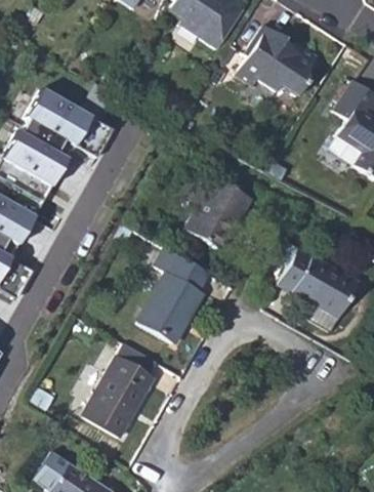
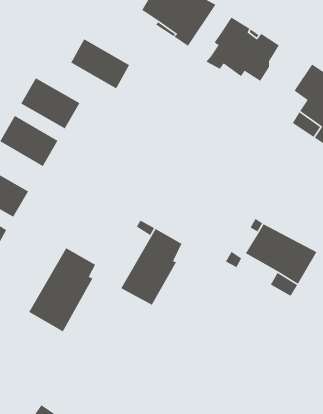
building: none -> [70,38,130,89]
building: [185,178,251,251] -> none
building: [82,342,158,438] -> [28,247,96,332]

